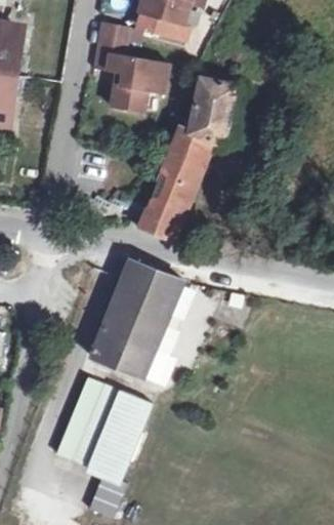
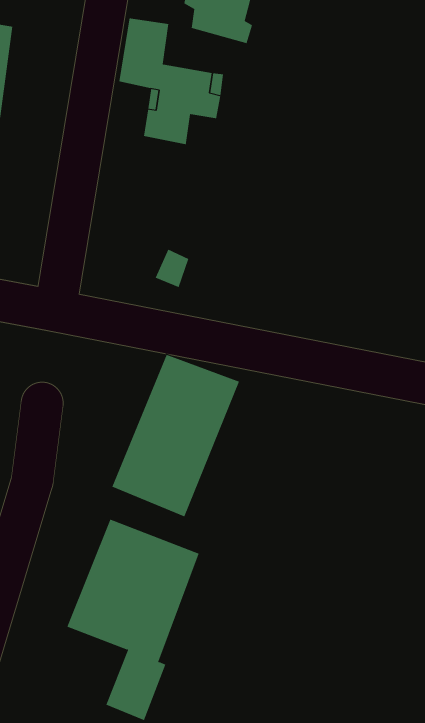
building: [139,77,236,239] -> none

